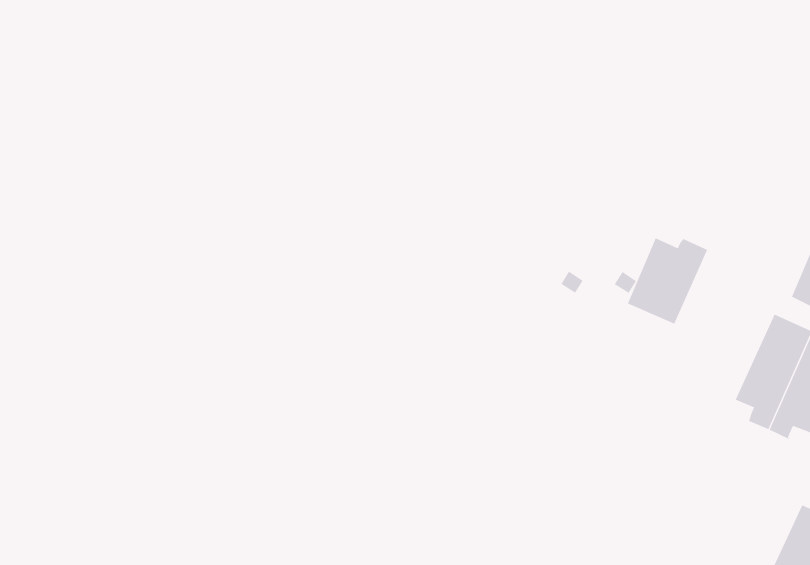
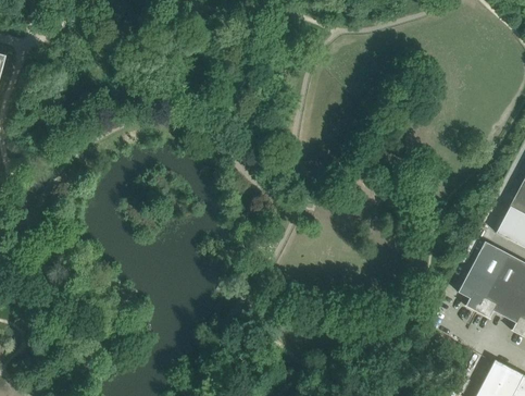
building: [627,237,708,325] -> none

